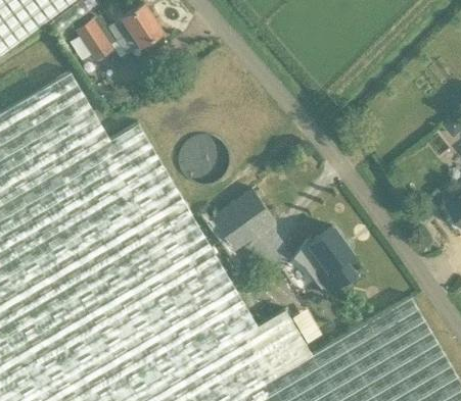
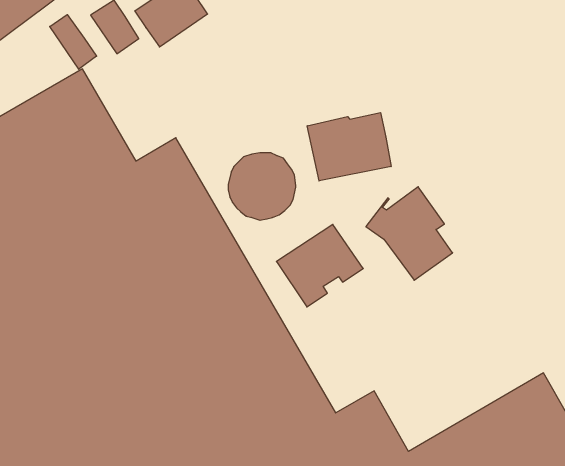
building: none -> [50,15,97,69]
building: none -> [307,113,391,181]
building: [292,227,357,296] -> [366,187,453,280]

